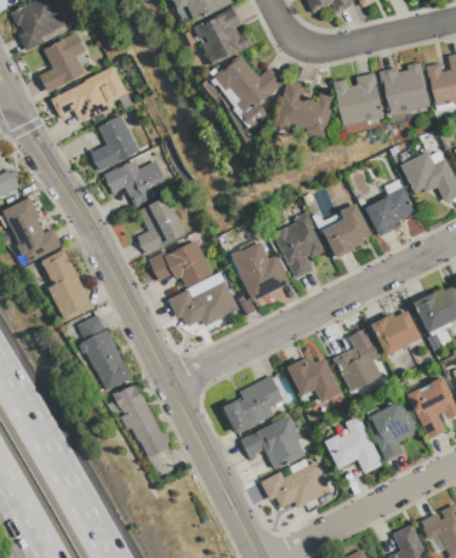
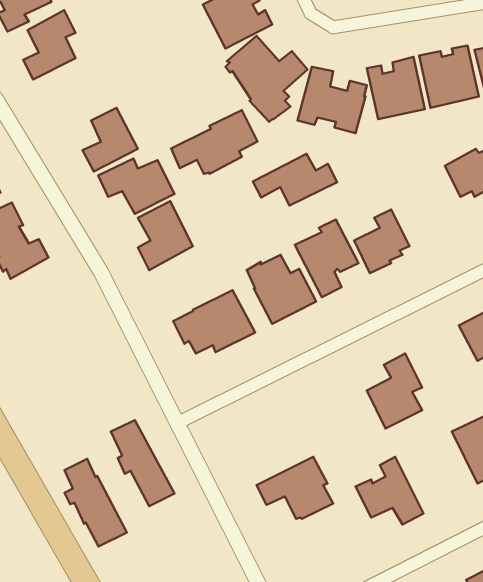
building: [51,66,125,120] -> [171,110,258,174]
building: none -> [253,154,337,205]
building: [364,178,415,235] -> none
building: [147,240,211,286] -> none
building: [41,249,92,321] -> none
building: [370,309,420,355] -> none
building: [78,314,131,389] -> [65,459,127,547]
building: [286,357,341,402] -> none
building: [223,375,283,432] -> none
building: [365,399,418,461] -> none
building: [260,461,330,507] -> none

